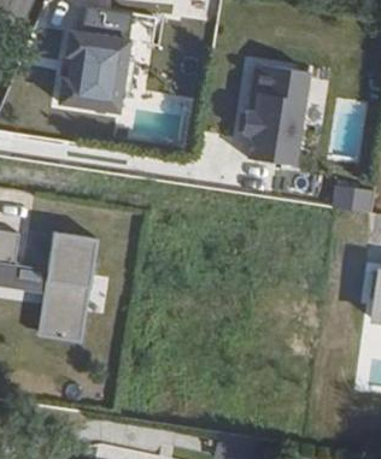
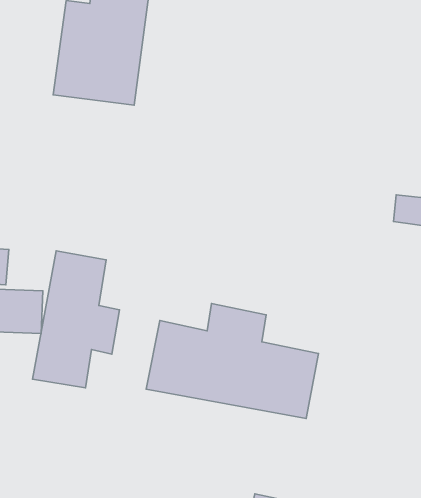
building: [234,58,311,166] -> none
building: none -> [146,304,318,418]

